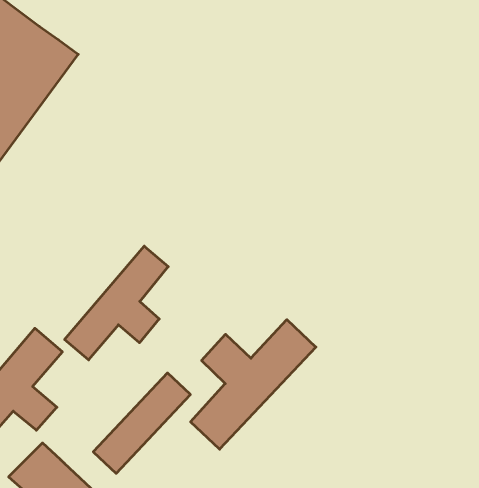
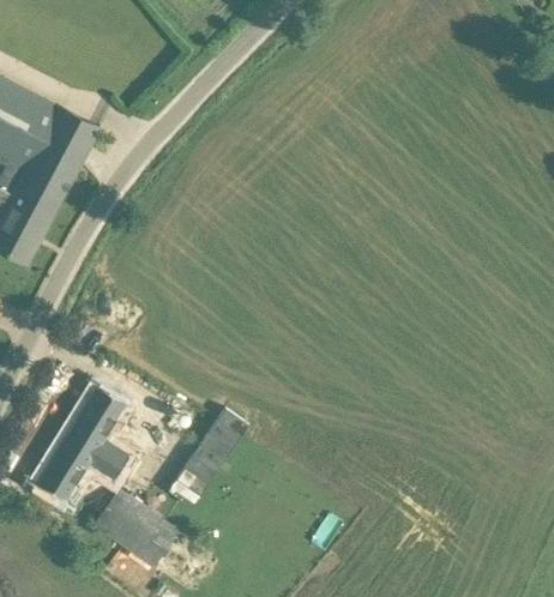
building: [65,246,168,360] -> none
building: [191,320,316,449] -> none

